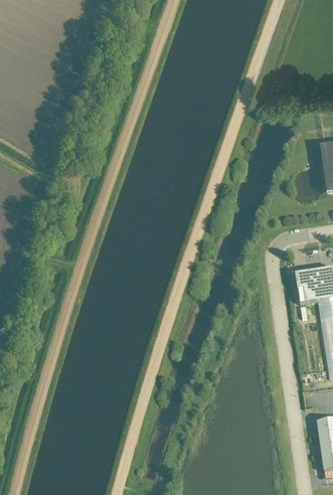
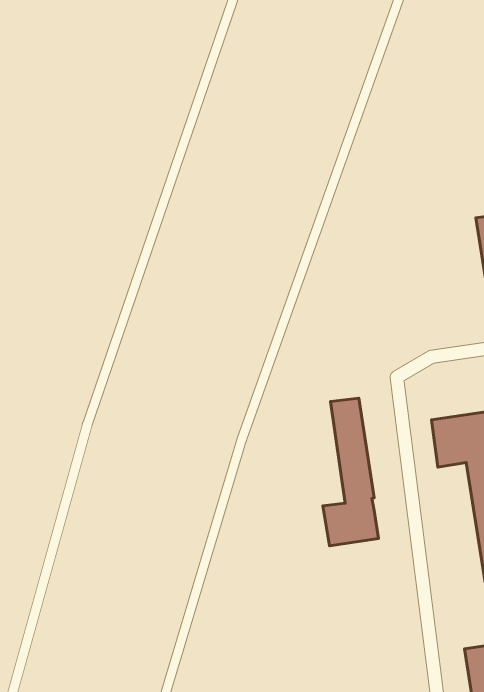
building: none -> [323,398,378,546]

